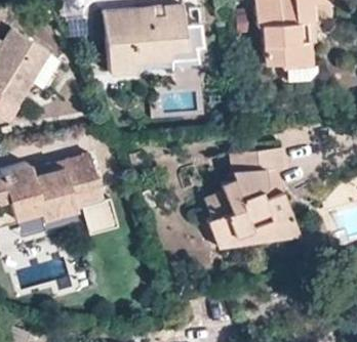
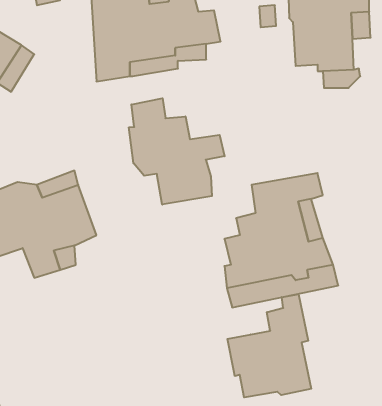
building: none -> [129,98,225,205]
building: none -> [227,294,311,397]

